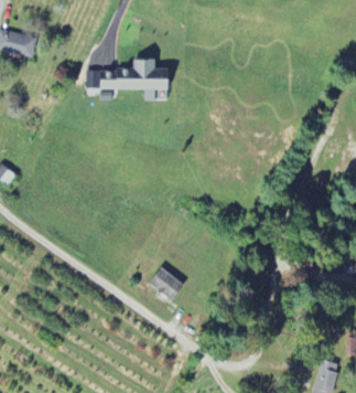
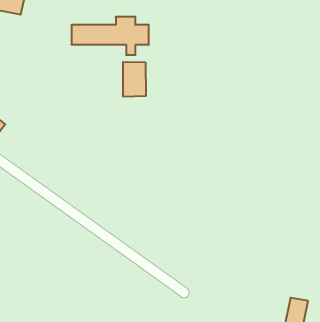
building: none -> [123,62,146,97]
building: [148,266,183,299] -> none

